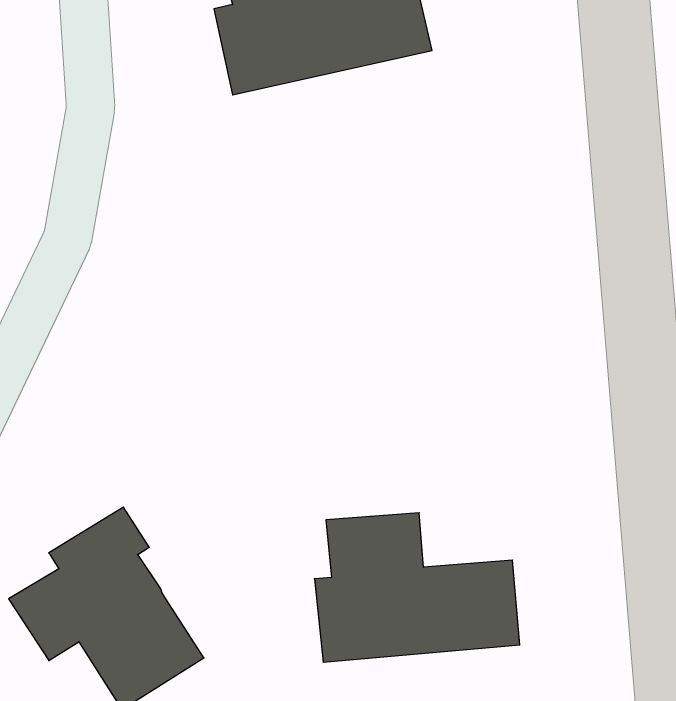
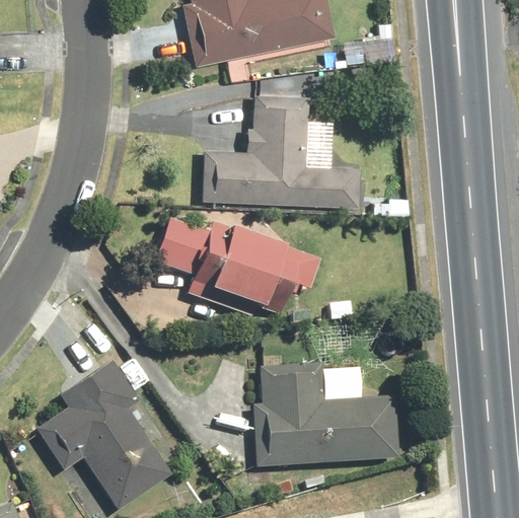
building: none -> [203,96,361,202]
building: none -> [156,220,303,317]

